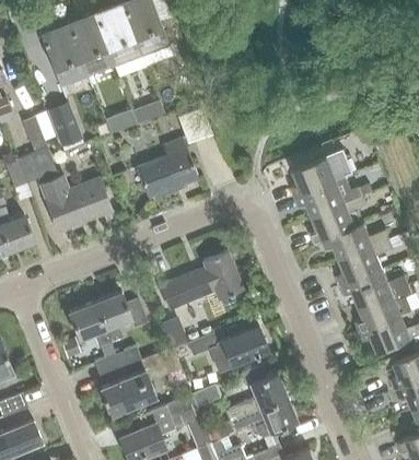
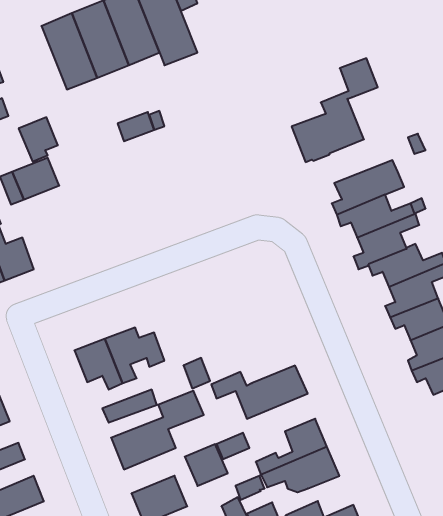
building: [47,101,82,146] -> none
building: [136,109,210,199] -> [292,58,378,162]
building: [38,175,110,232] -> none
building: [160,252,244,311] -> none

